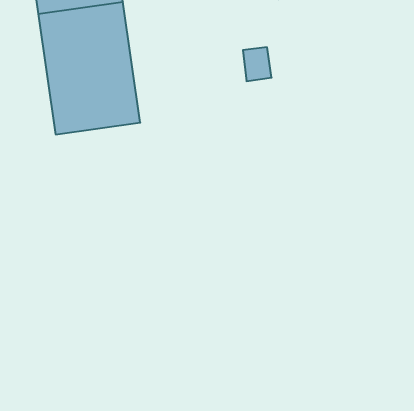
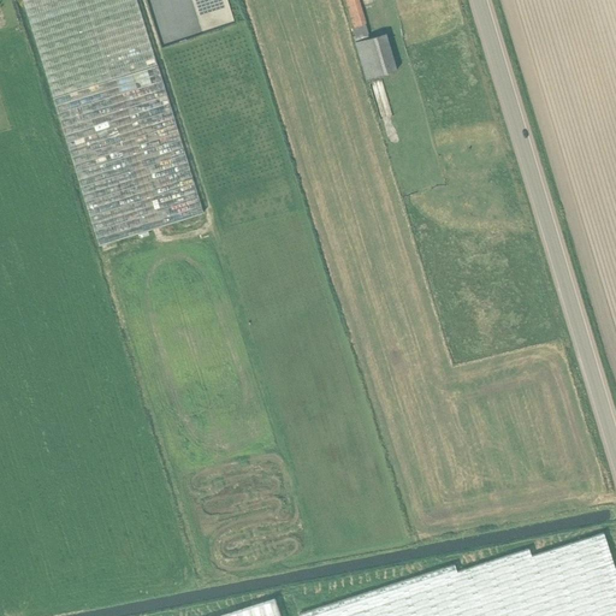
building: [243,47,272,81] -> [356,37,398,84]

